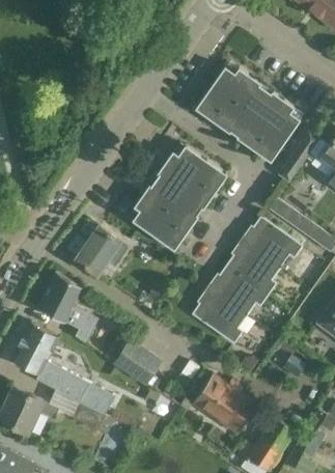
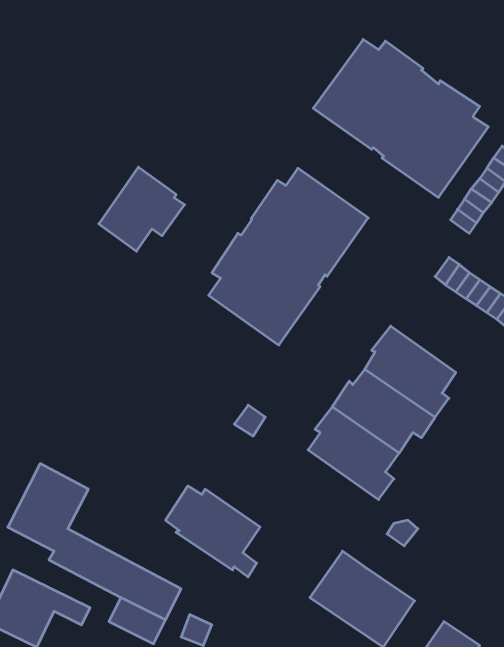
building: [241,215,303,267] -> none
building: [75,225,127,276] -> [99,167,185,251]
building: [37,274,97,342] -> none

